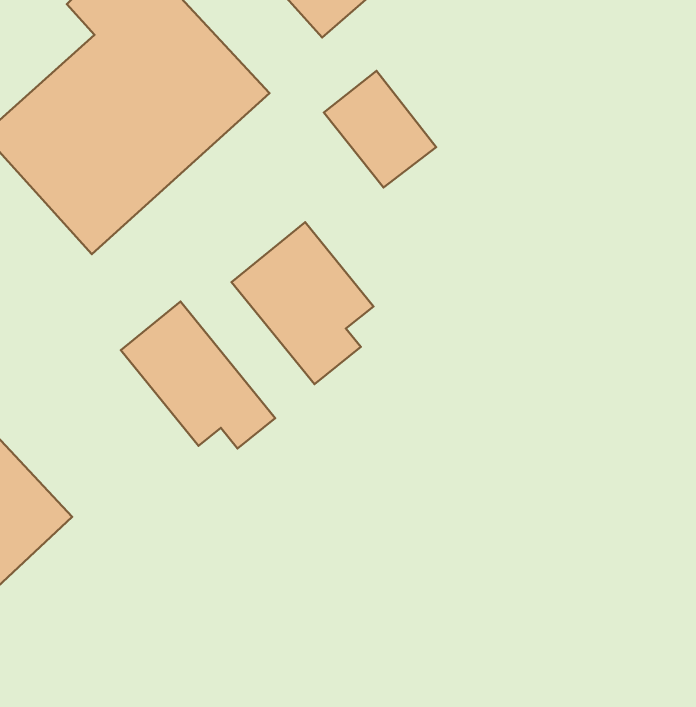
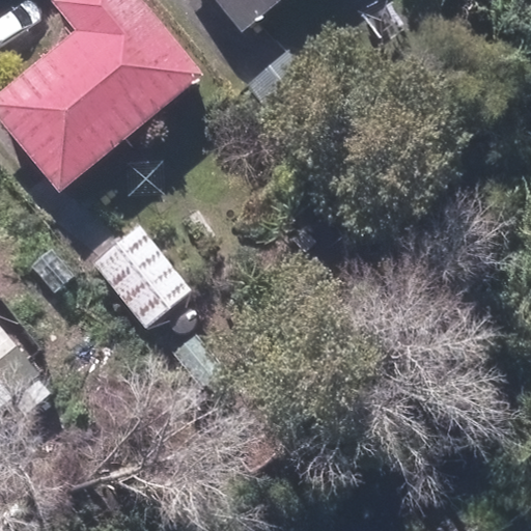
building: [231,222,373,384] -> none

